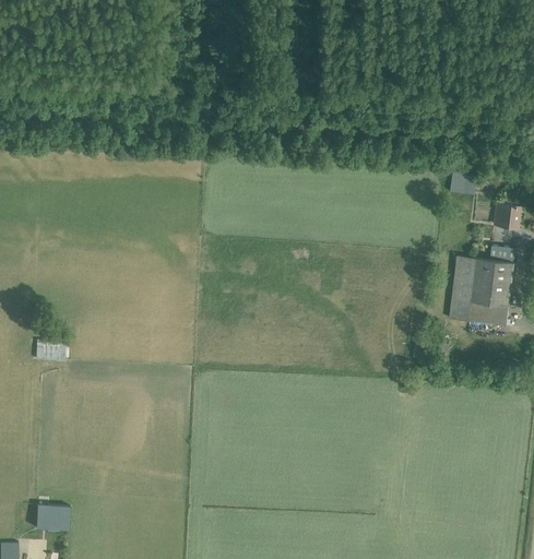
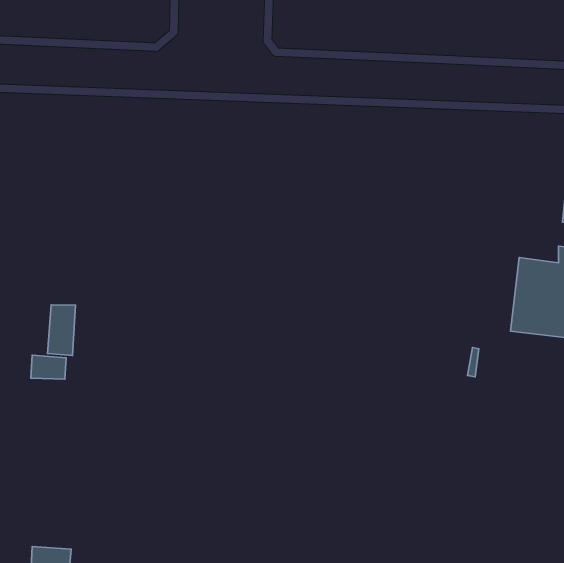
building: [451,171,476,191] -> none
building: none -> [48,305,75,356]

